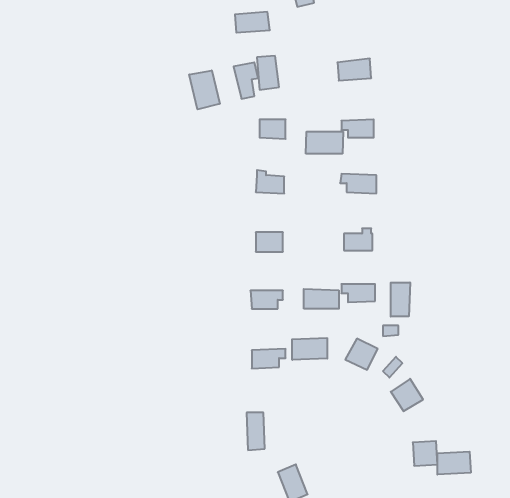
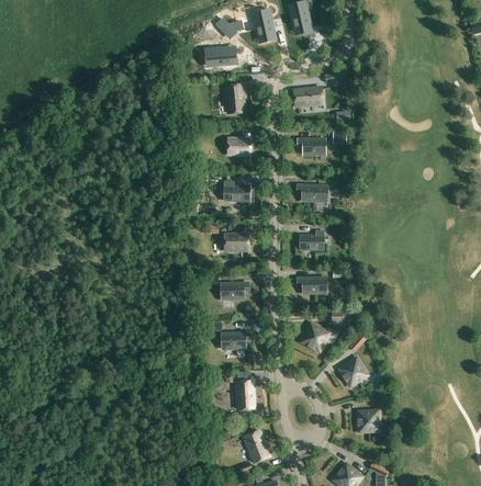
building: [189,70,220,109] -> none
building: [306,132,343,154] -> none
building: [391,282,410,317] -> none
building: [304,289,339,309] -> none
building: [292,338,327,360] -> none
building: none -> [236,381,254,409]
building: [437,452,471,475] -> none

